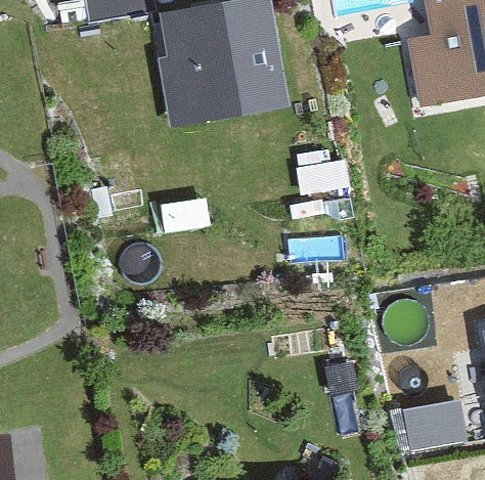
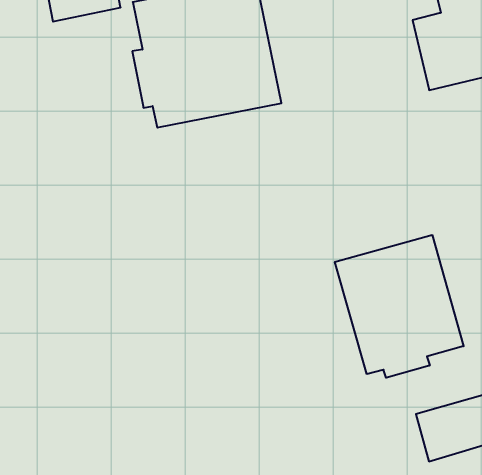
building: none -> [335,235,464,378]

